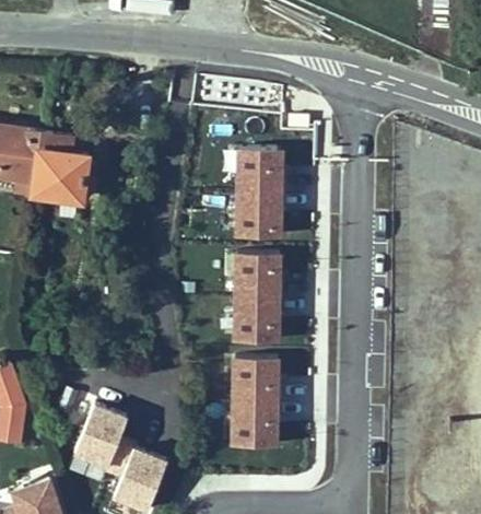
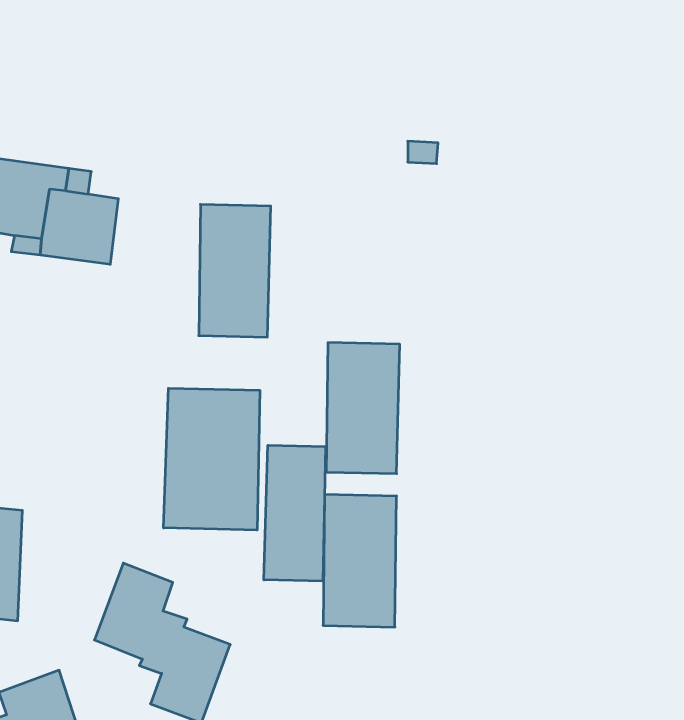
building: [234,149,283,240] -> [199,204,271,337]
building: none -> [164,388,260,530]
building: none -> [264,445,326,581]

